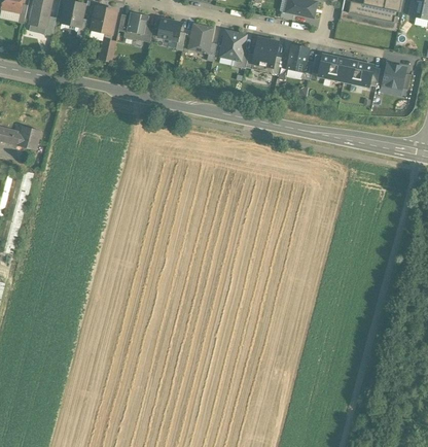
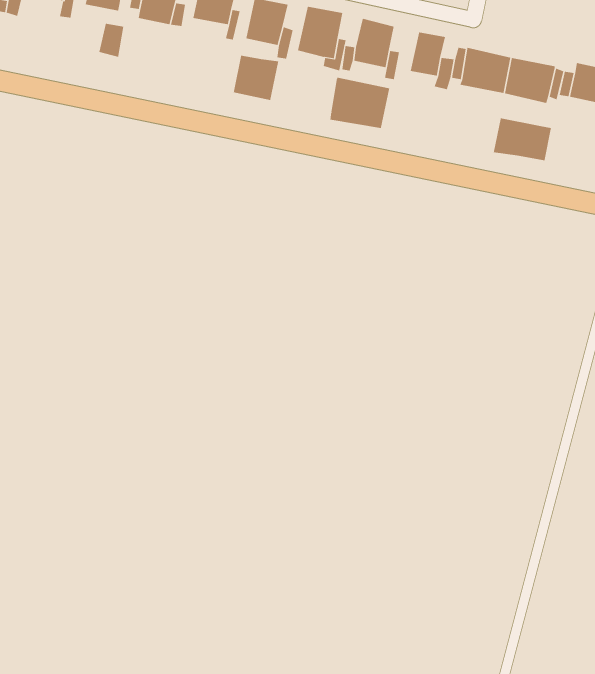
building: none -> [233,55,279,101]
building: none -> [330,77,390,129]
building: none -> [493,118,551,161]

